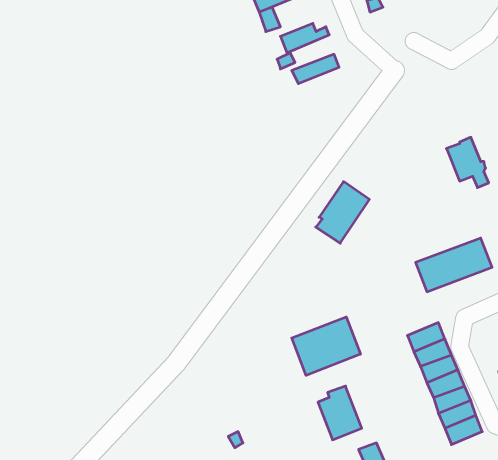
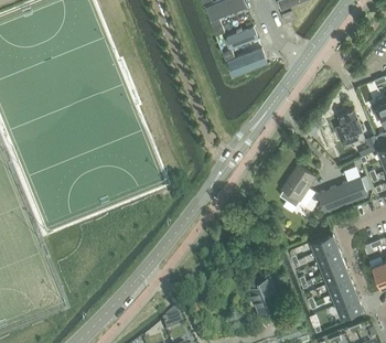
building: [316,182,369,243] -> [278,162,314,204]
building: [292,317,360,375] -> none

